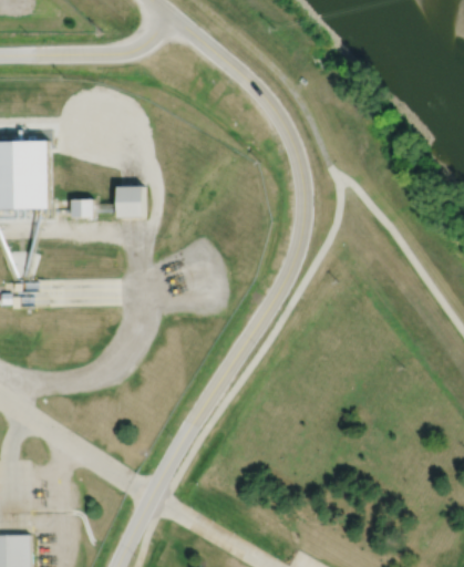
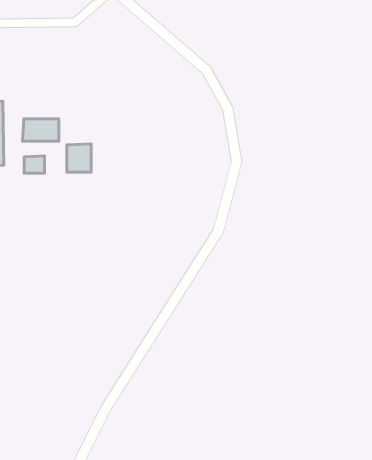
building: none -> [22,119,59,141]

